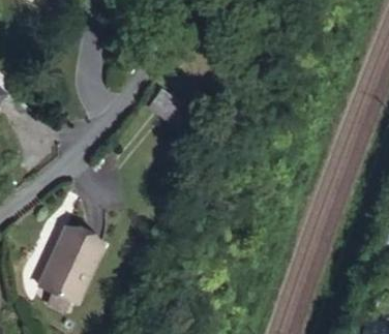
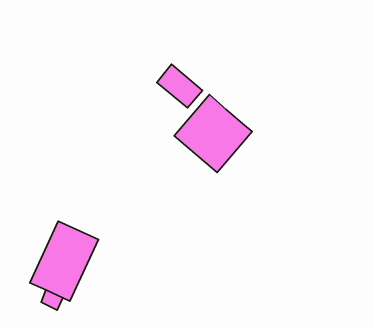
building: none -> [174,95,252,173]

